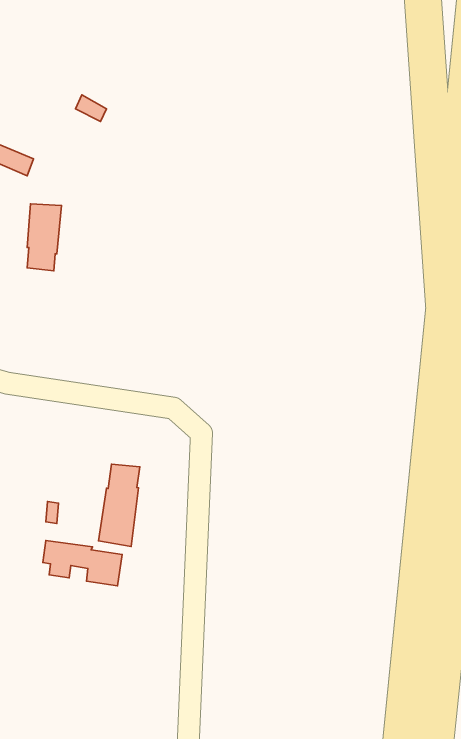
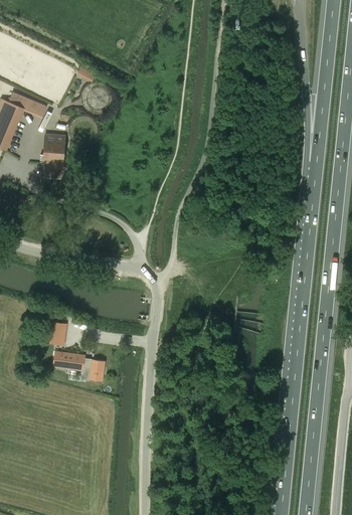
building: [99,464,140,546] -> none

